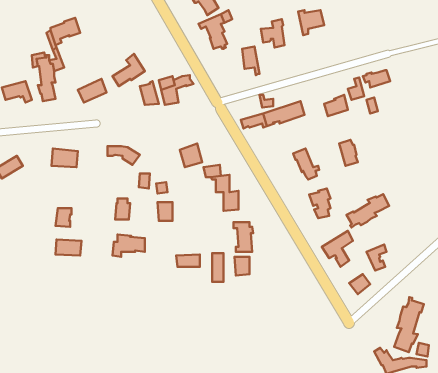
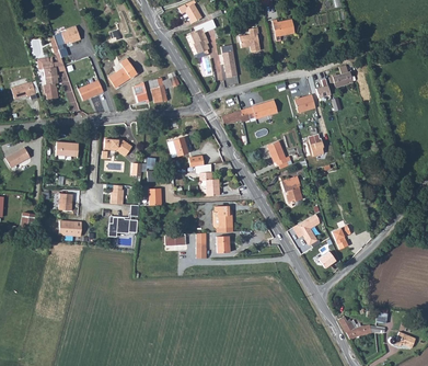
building: [347,194,389,227] -> none
building: [394,297,424,352] -> none

